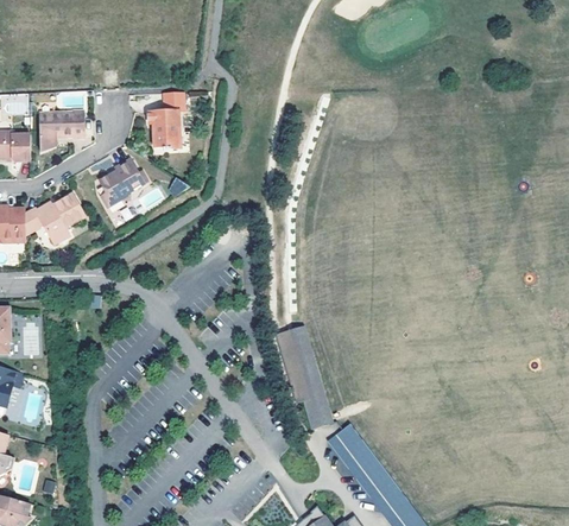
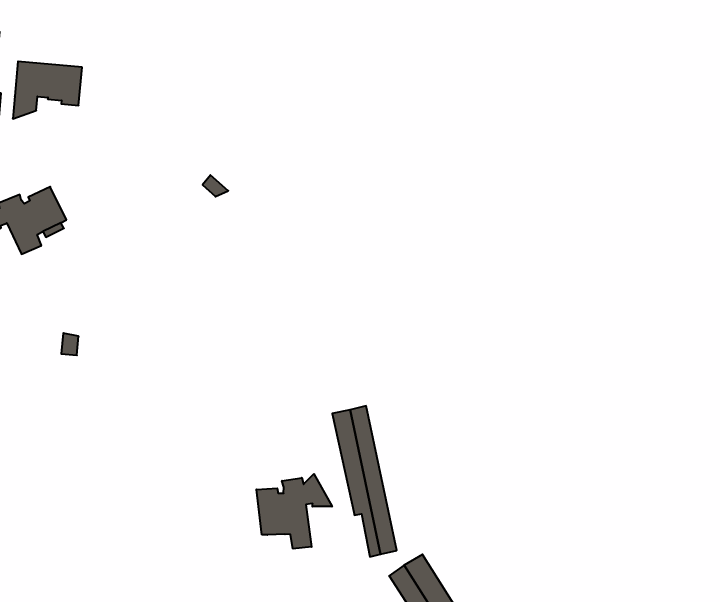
building: [146,91,185,150] -> none
building: [101,157,148,204] -> none
building: none -> [256,474,332,549]

